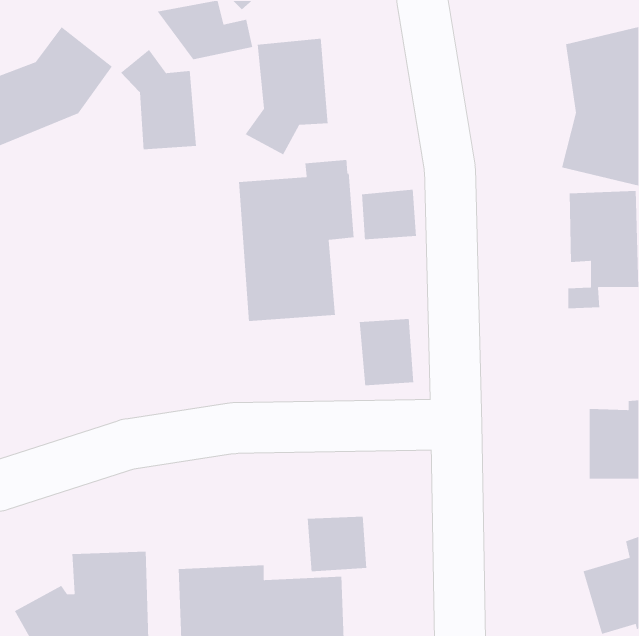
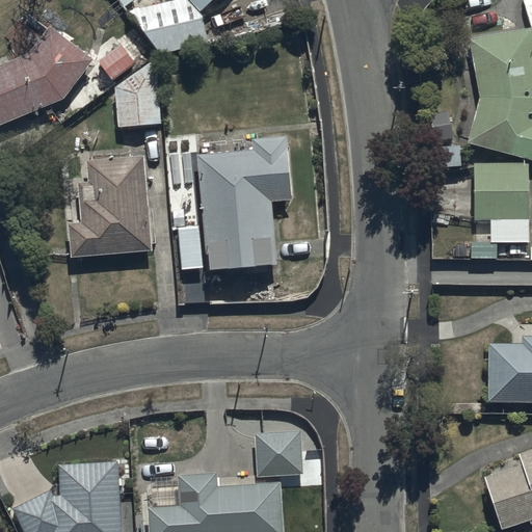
building: [245,38,328,155] -> none
building: none -> [70,156,153,257]
building: [361,189,417,240] -> none
building: [359,318,414,386] -> none

